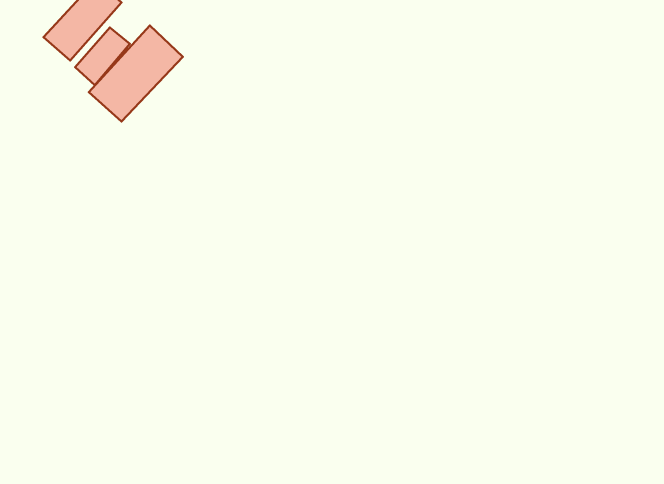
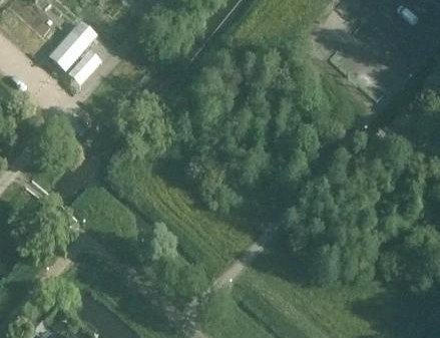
building: [89,26,183,121] -> none

